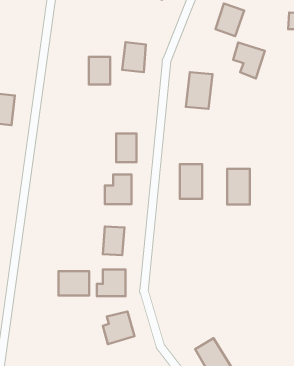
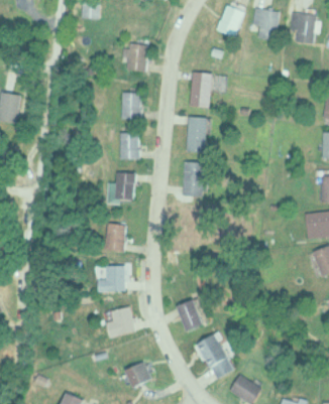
building: [233,43,265,78] -> [250,6,282,41]
building: [89,57,110,85] -> [120,93,141,120]
building: [227,169,250,205] -> [186,117,208,152]
building: [59,271,89,296] -> none
building: none -> [180,301,204,331]

